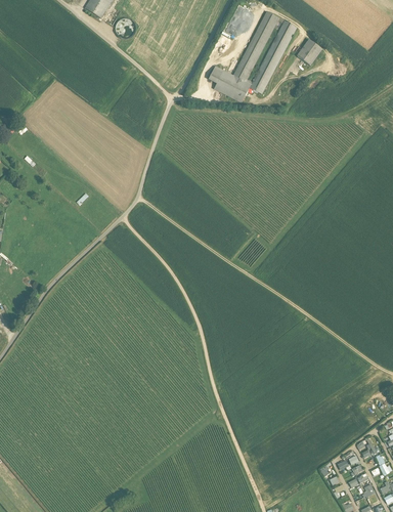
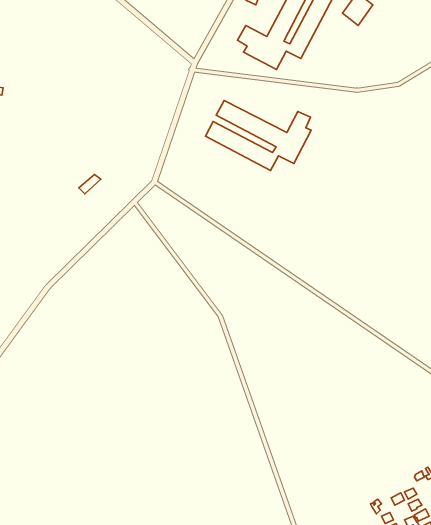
building: none -> [205,101,311,170]

